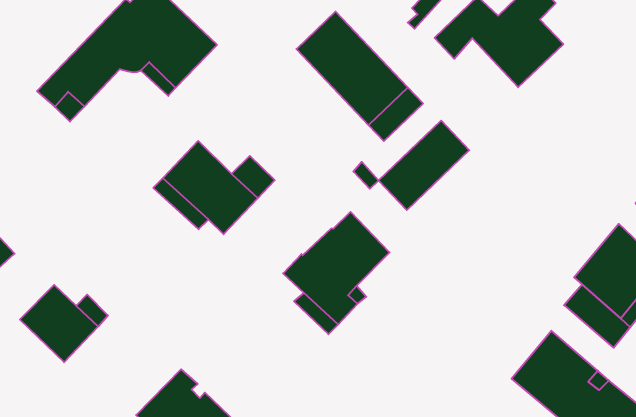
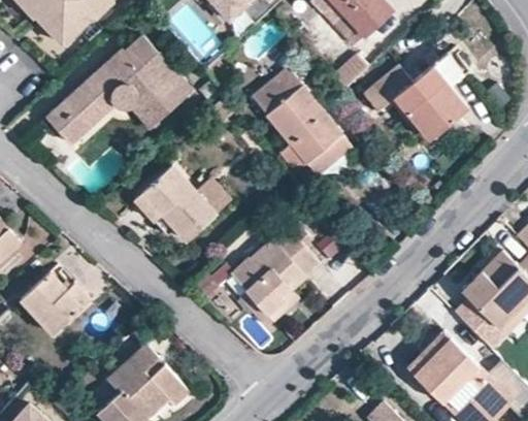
building: [379,121,469,210] -> none

